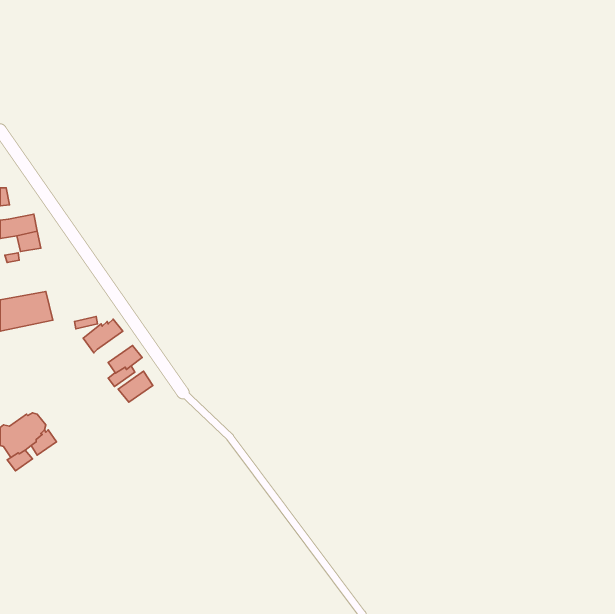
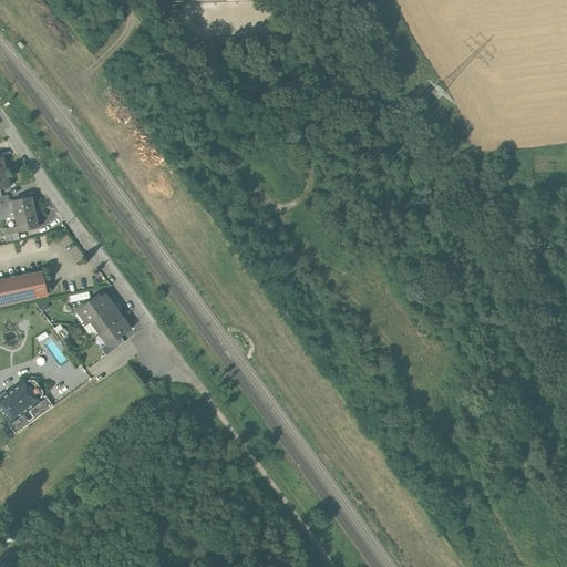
building: [118,371,153,402] -> [90,305,122,333]

